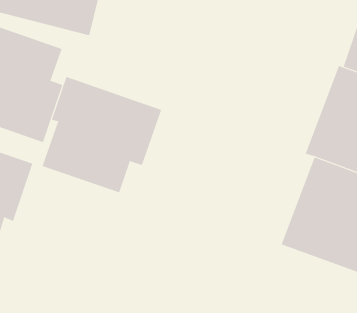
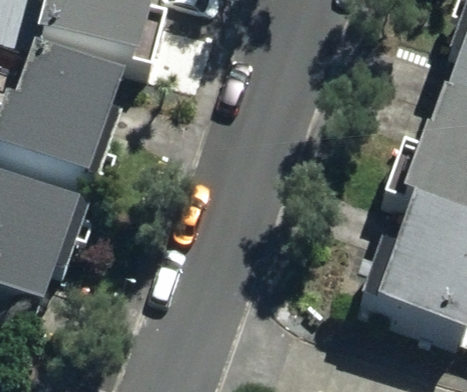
building: [42,76,162,193] -> none

